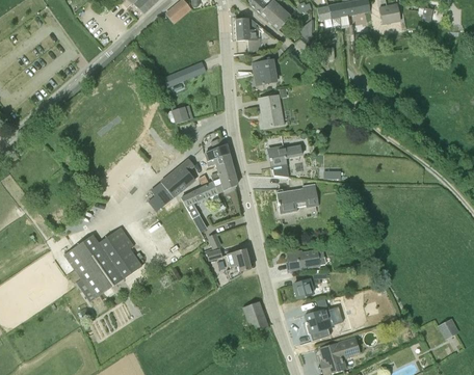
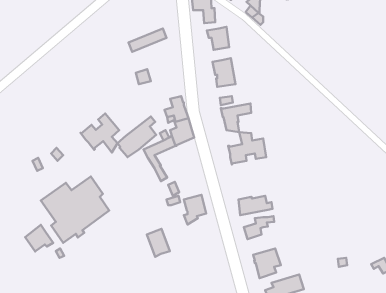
building: none -> [81,114,119,153]
building: none -> [25,225,53,252]
building: [242,300,268,331] -> [147,229,170,257]

